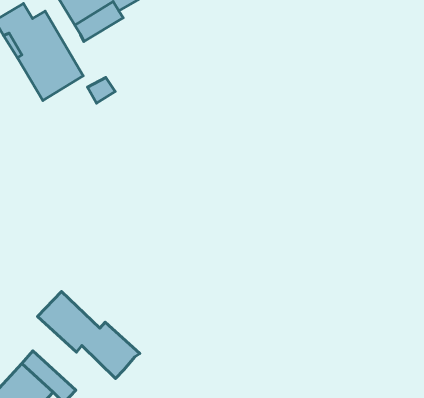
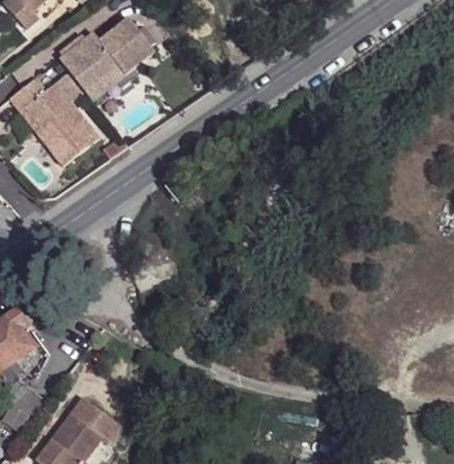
building: [37,292,140,379] -> none

